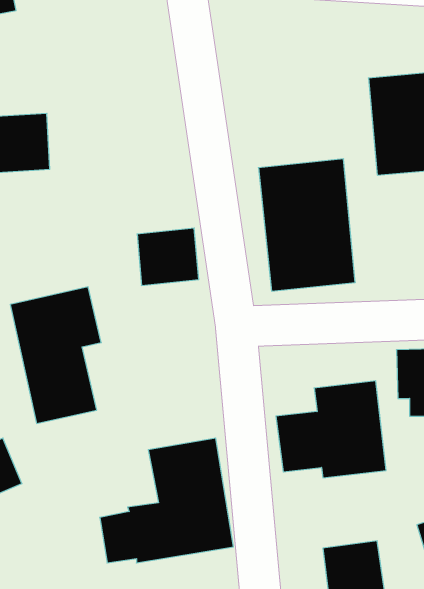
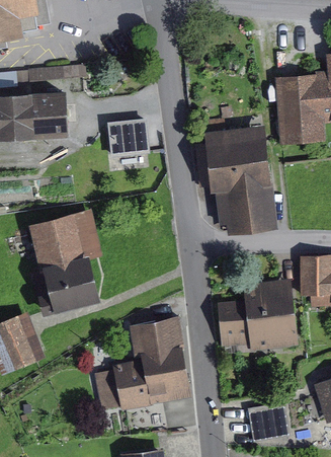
building: [137,228,199,285] -> [105,118,148,157]

